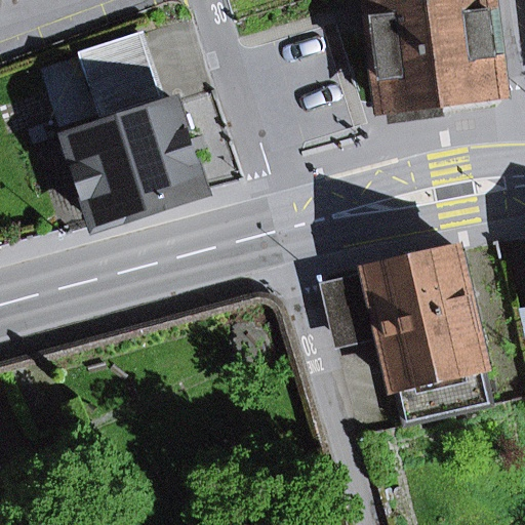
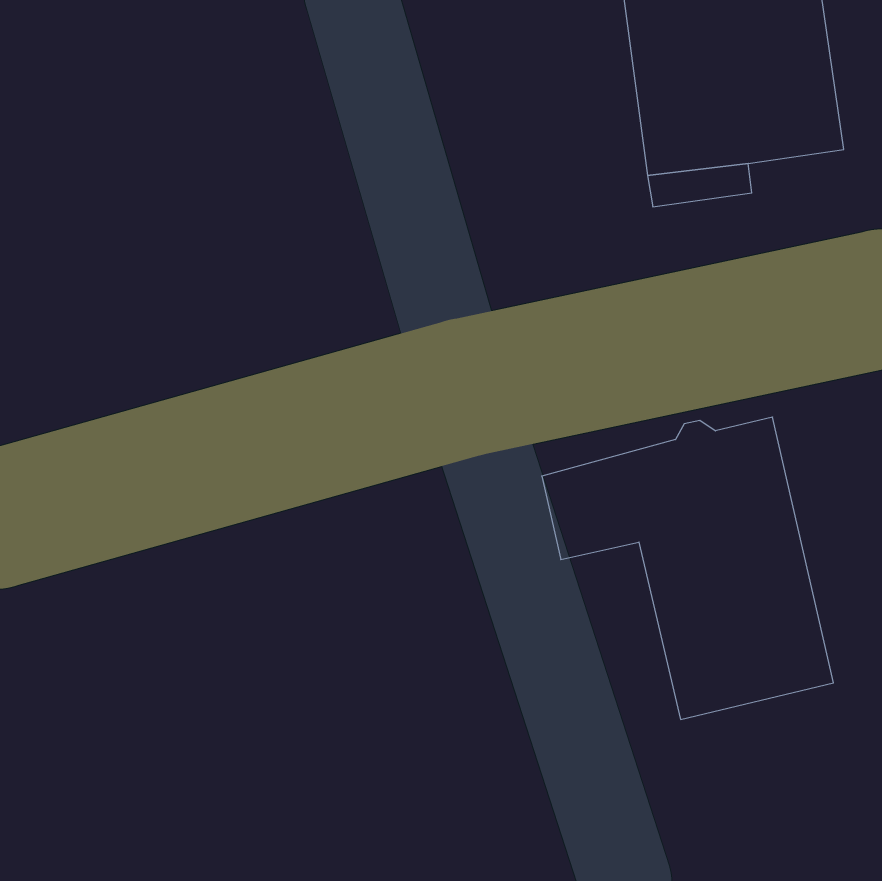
building: [80,33,159,111] -> none
building: [66,98,203,223] -> none

